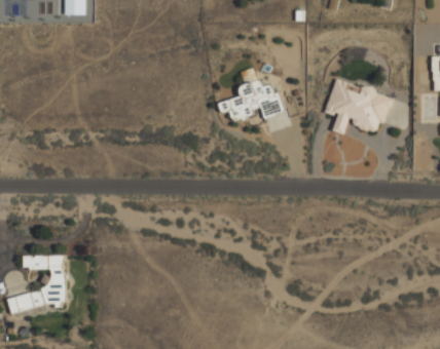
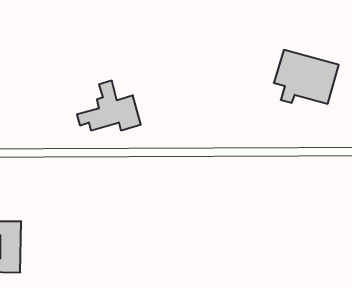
building: [218,68,284,119] -> [77,81,141,130]

